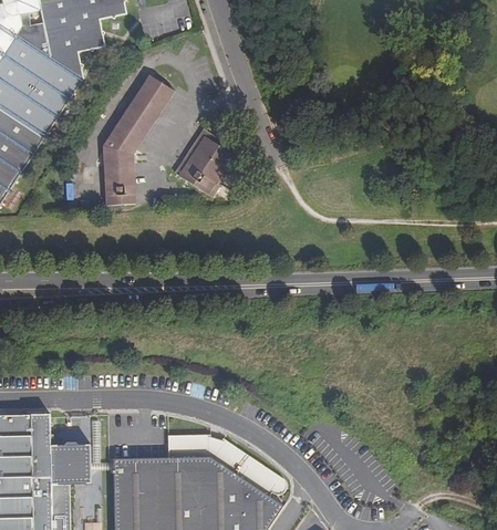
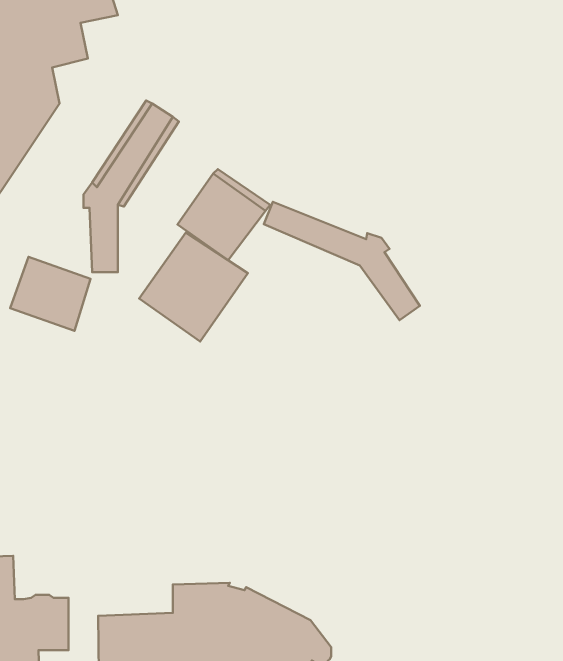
building: none -> [264,202,420,320]
building: none -> [139,233,248,342]
building: none -> [10,257,90,331]

